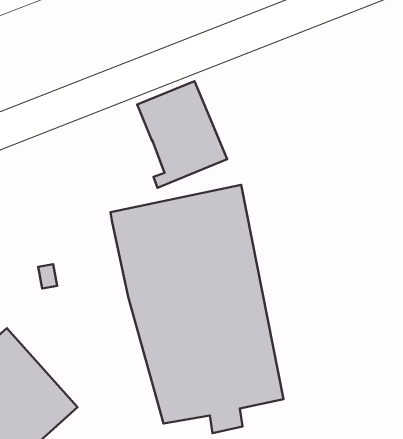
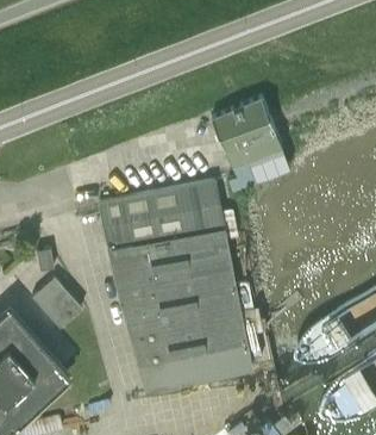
building: [137,81,227,188] -> [212,99,290,192]
building: none -> [33,279,82,329]

